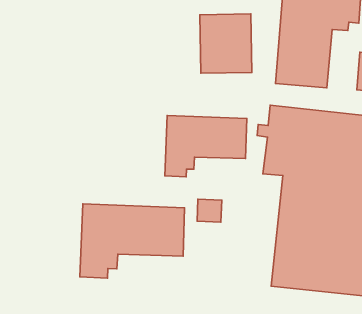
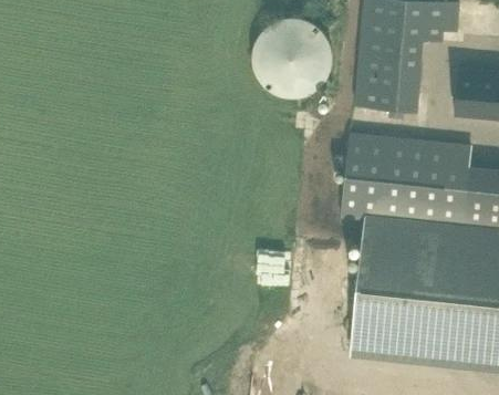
building: [165,115,247,177] -> none
building: [80,204,185,278] -> none

